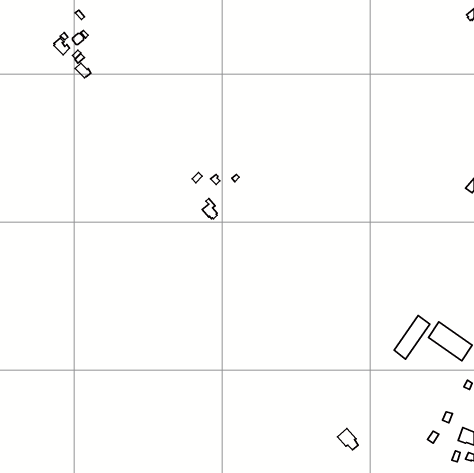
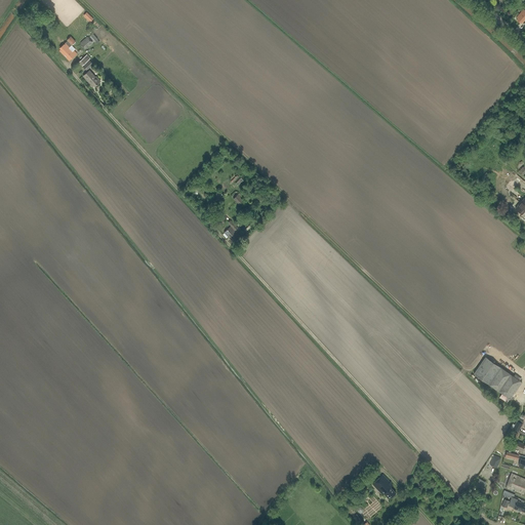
building: [394,315,430,359] -> none

